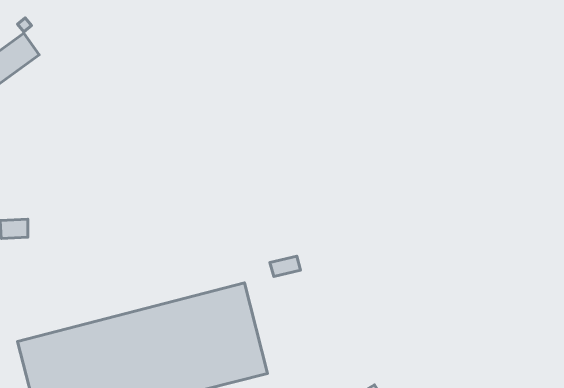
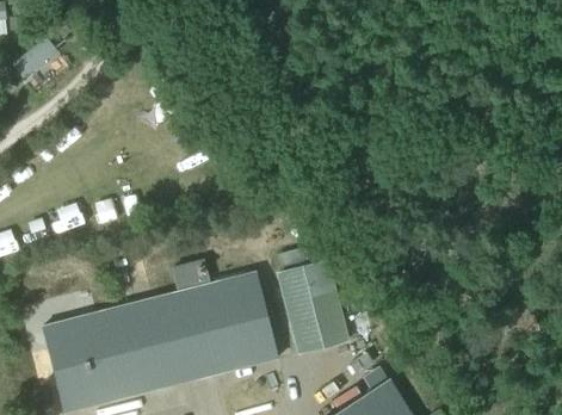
building: none -> [280,262,347,354]

